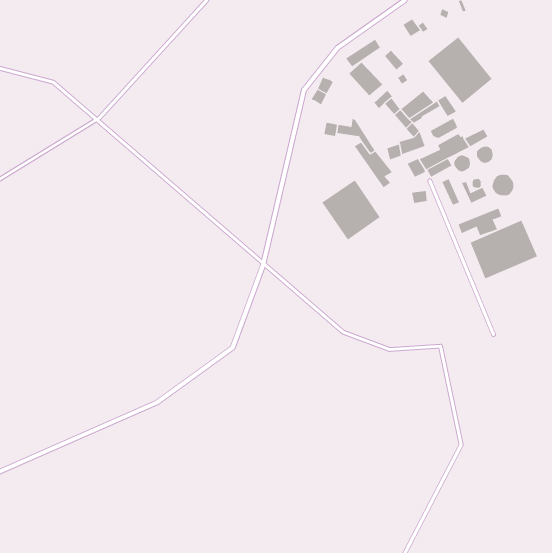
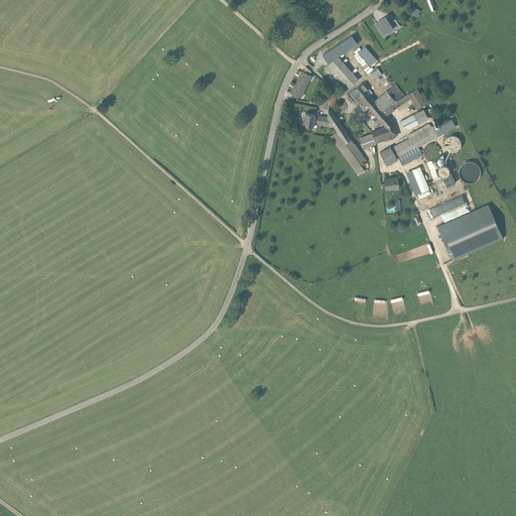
building: [428,36,492,104] -> none
building: [321,179,381,241] -> none

